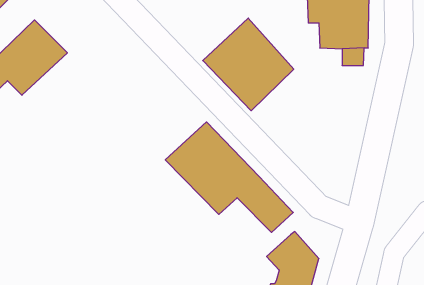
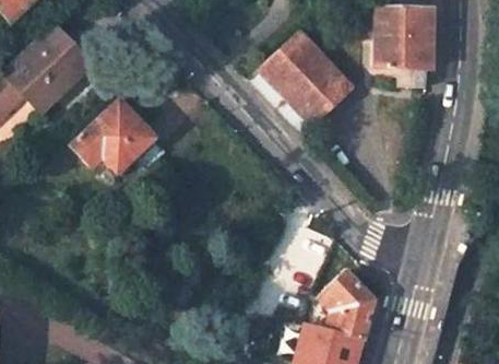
building: none -> [74,104,166,174]
building: [165,122,293,232] -> none

